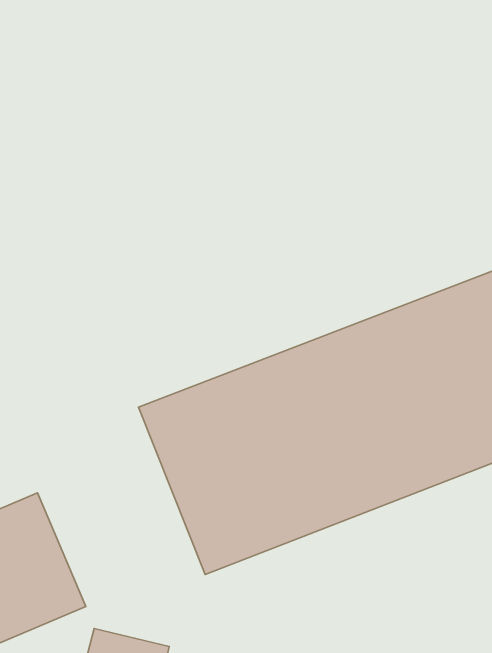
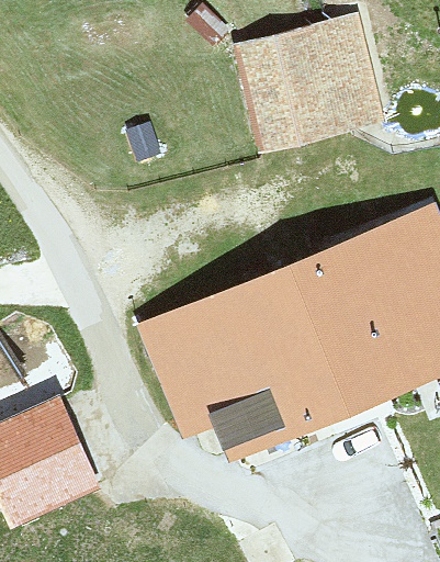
building: none -> [233,13,391,146]

